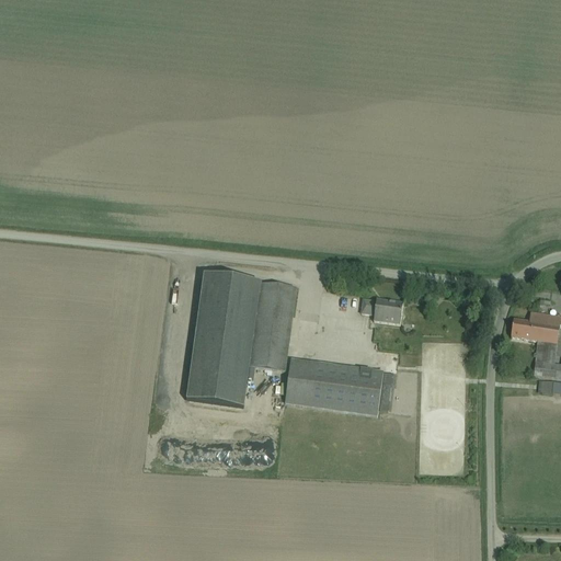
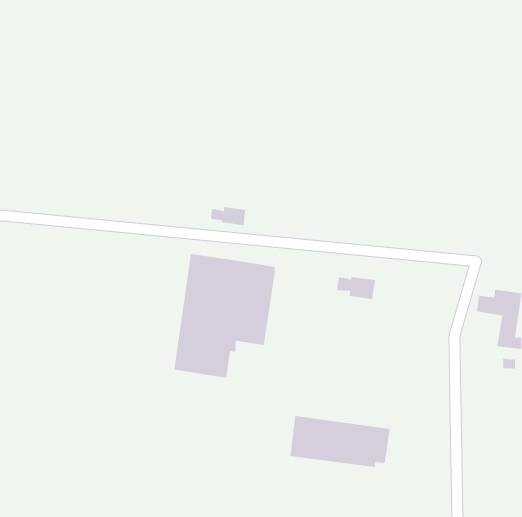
building: none -> [210,206,246,226]
building: [285,357,393,413] -> [289,415,391,468]

